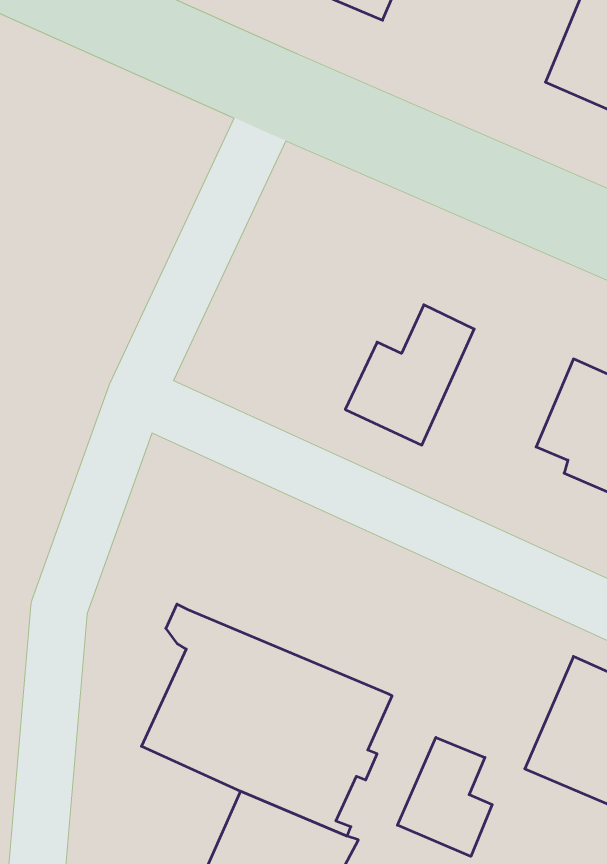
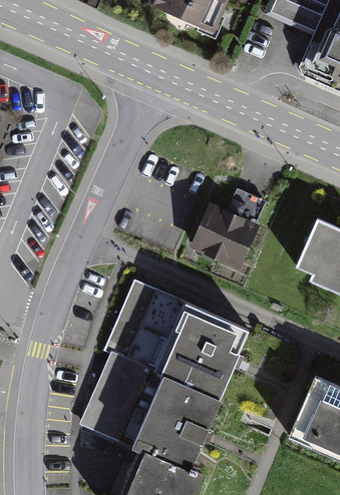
building: none -> [110,283,247,397]
building: [397,737,492,856] -> none

